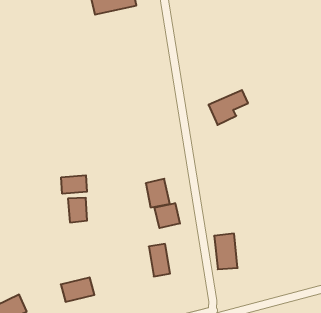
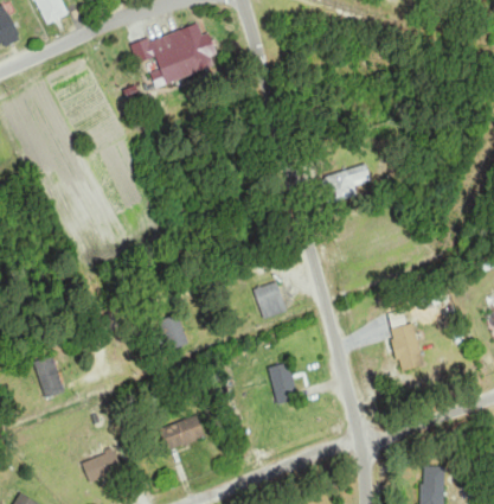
building: [61,175,87,194] -> none
building: [154,203,180,228] -> none
building: [214,234,238,269] -> [389,324,423,371]

